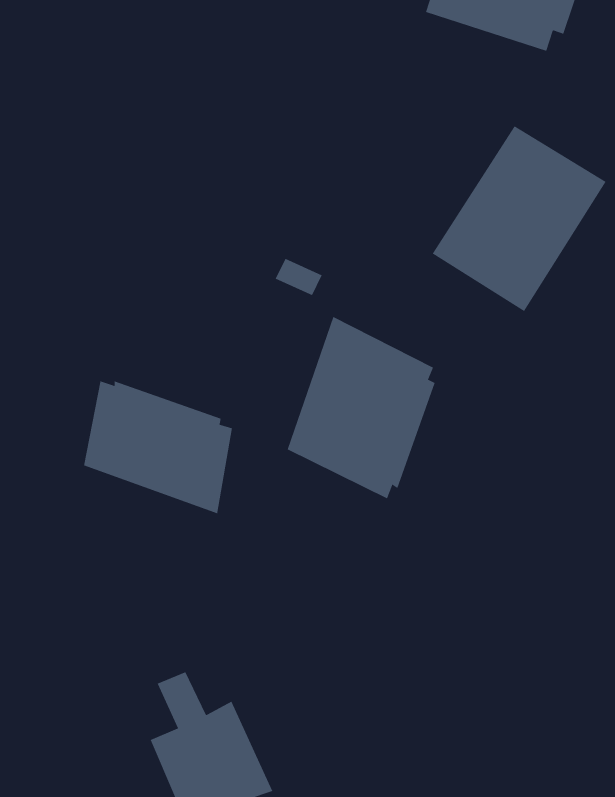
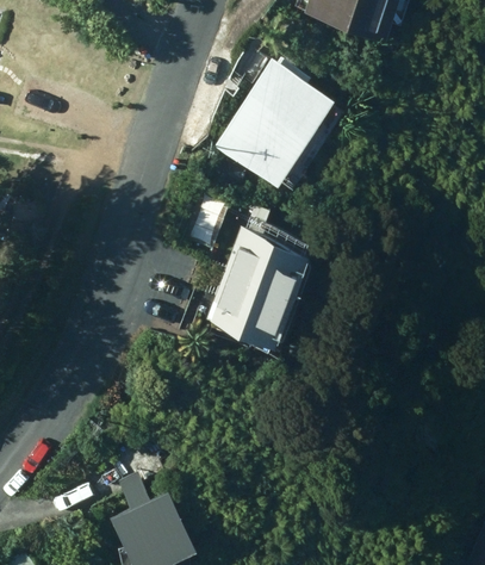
building: [432,125,606,312] -> [211,67,332,197]
building: [84,380,233,514] -> none

